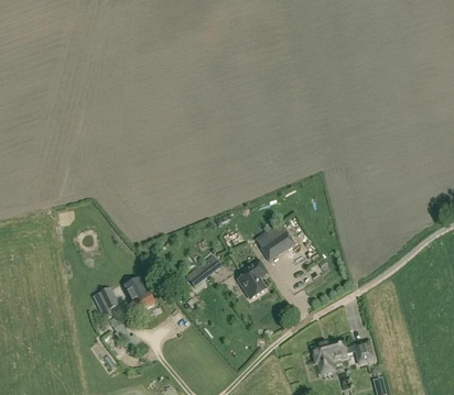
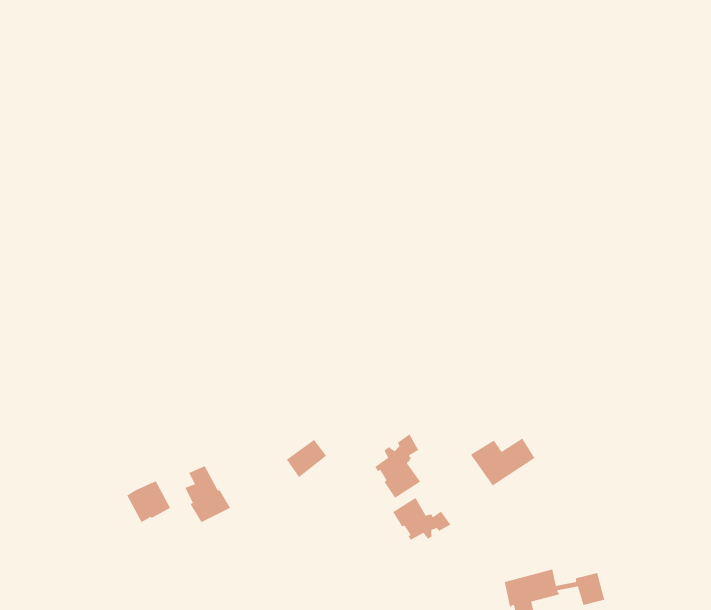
building: [256,232,294,261] -> [470,438,536,486]
building: none -> [392,497,451,541]

